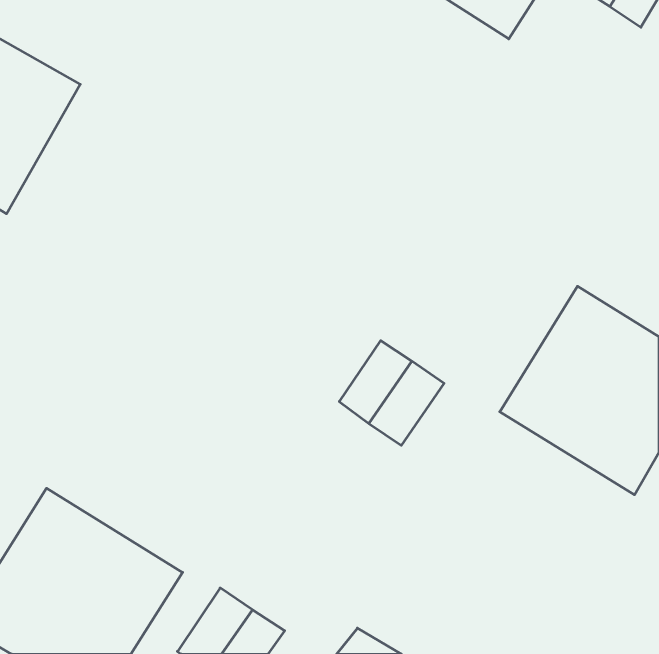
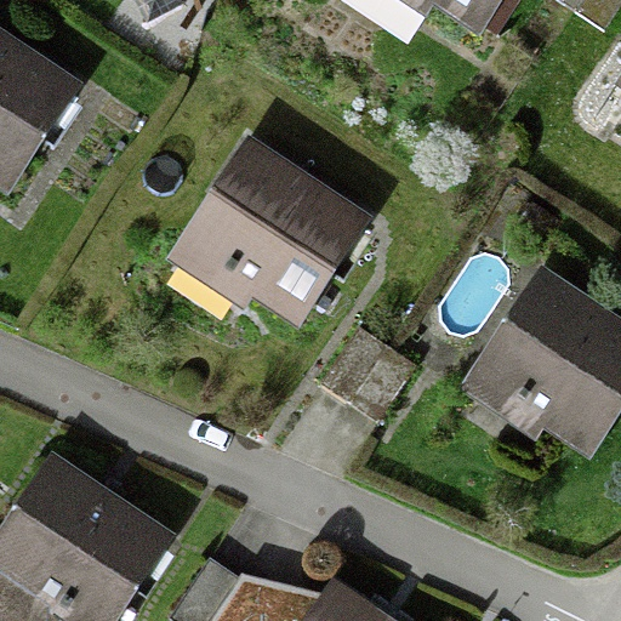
building: none -> [176,139,369,331]

